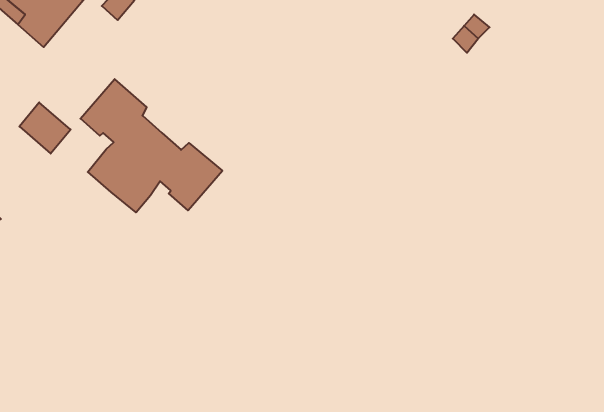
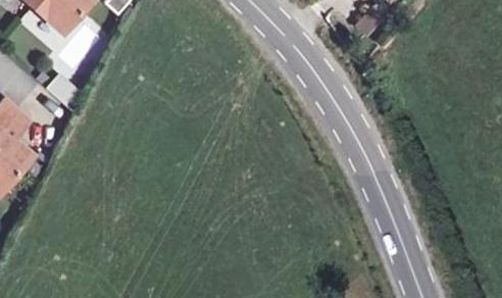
building: [80,79,222,212] -> none

